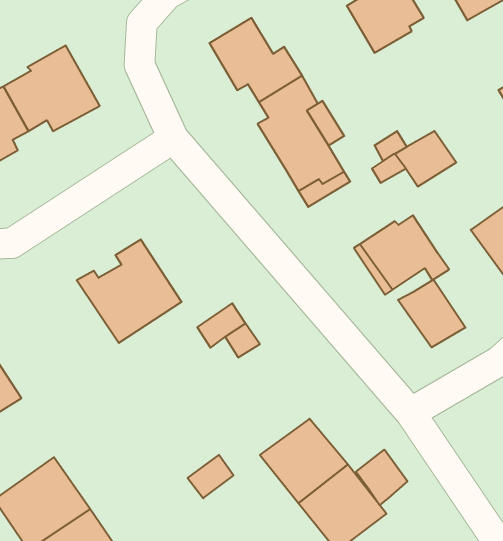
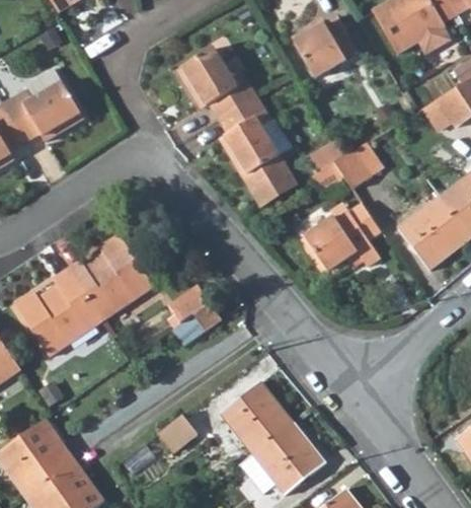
building: [398,280,465,347] -> none
building: none -> [13,269,101,356]
building: [356,450,407,505] -> none

